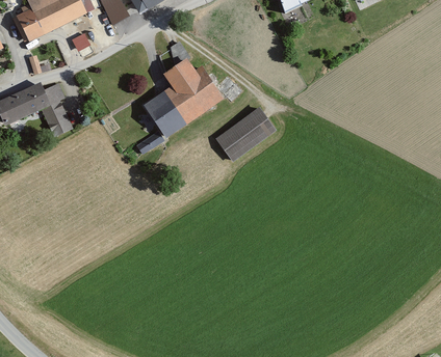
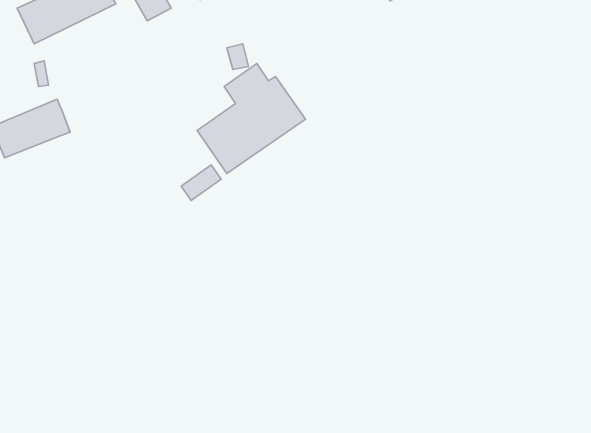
building: [46,83,73,135] -> none
building: [216,105,279,161] -> none

